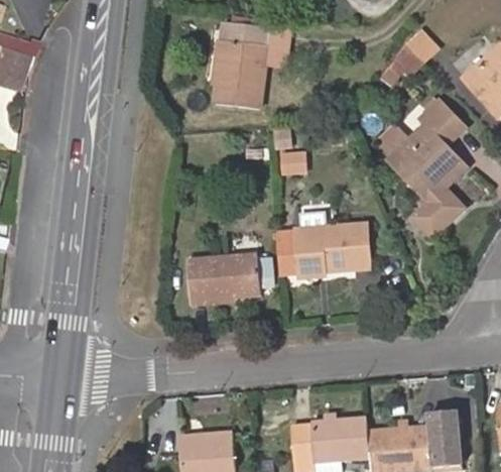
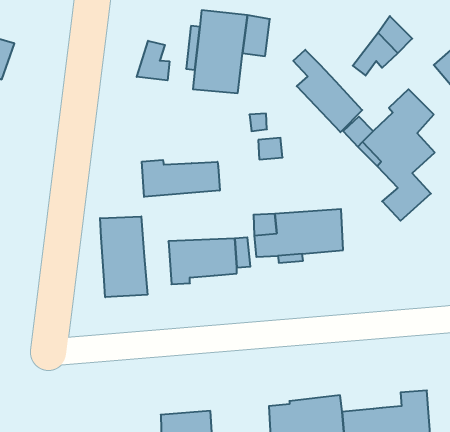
building: none -> [137,41,169,80]
building: none -> [293,50,362,132]
building: none -> [142,160,220,197]
building: none -> [100,216,147,297]

